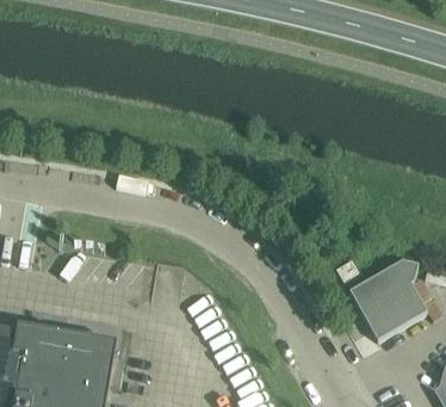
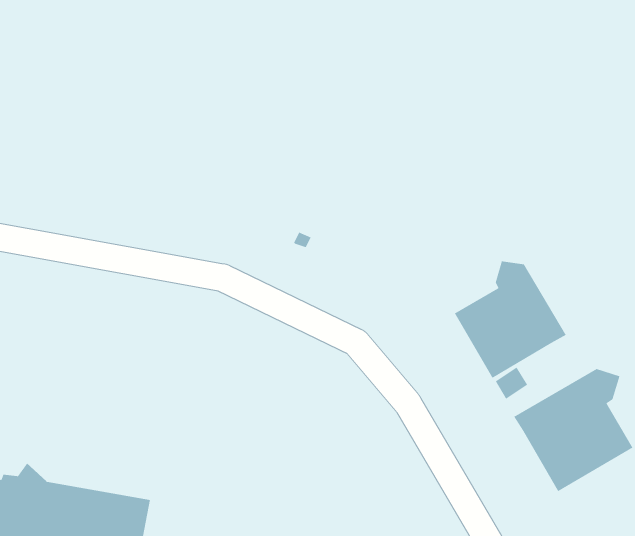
building: none -> [454,260,567,379]

